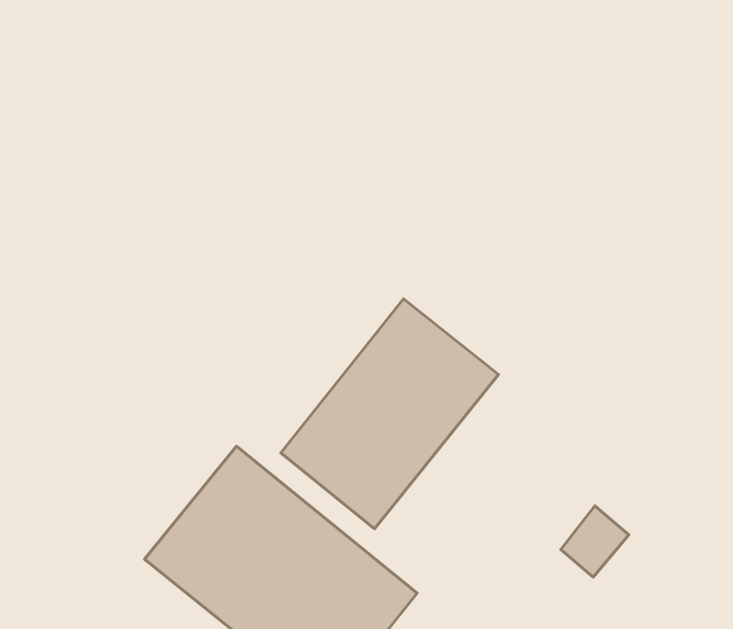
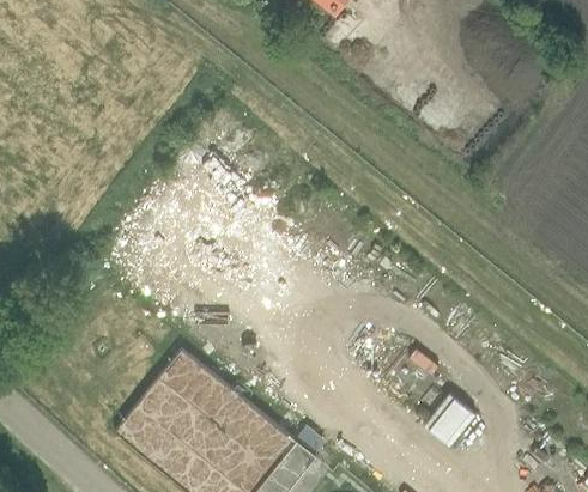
building: [281,299,498,529] -> none

